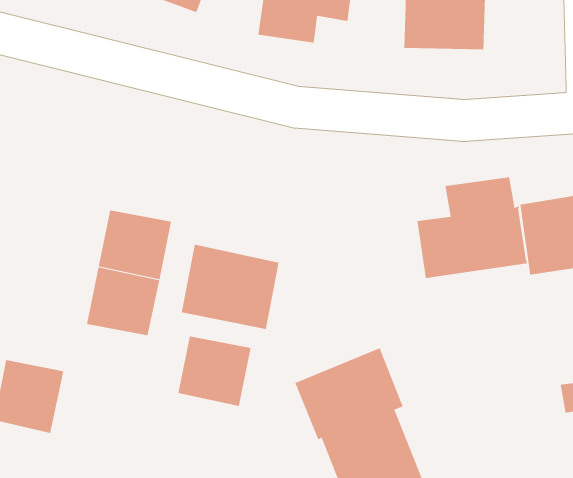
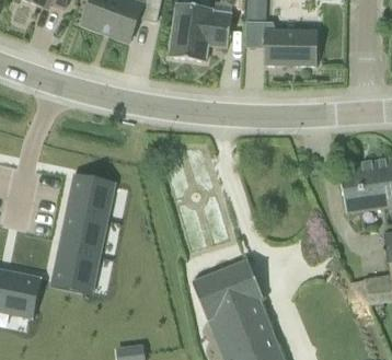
building: [417,176,528,279] -> none
building: [181,244,279,330] -> none
building: [177,336,251,407] -> [49,244,97,290]

